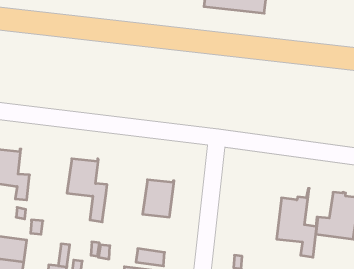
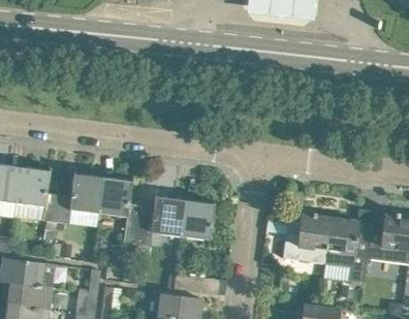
building: none -> [55,170,103,223]
building: none -> [136,192,185,246]
building: none -> [282,213,329,263]

